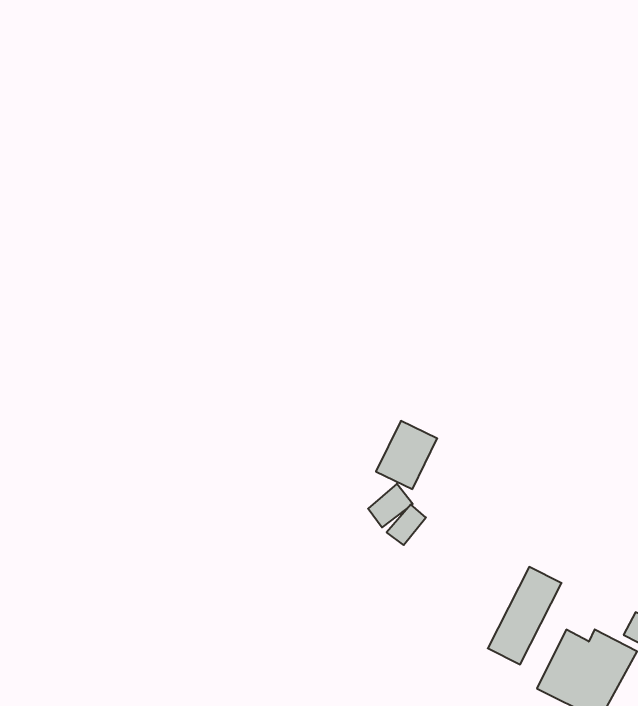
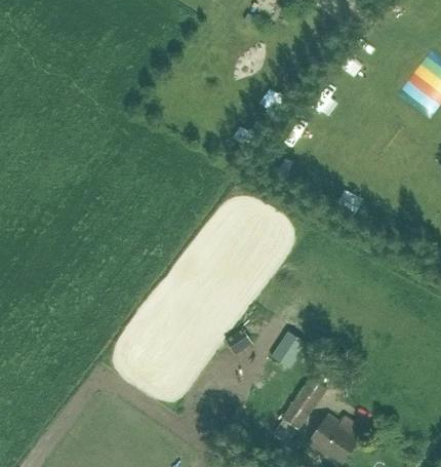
building: [376,421,437,489] -> [271,329,307,367]

